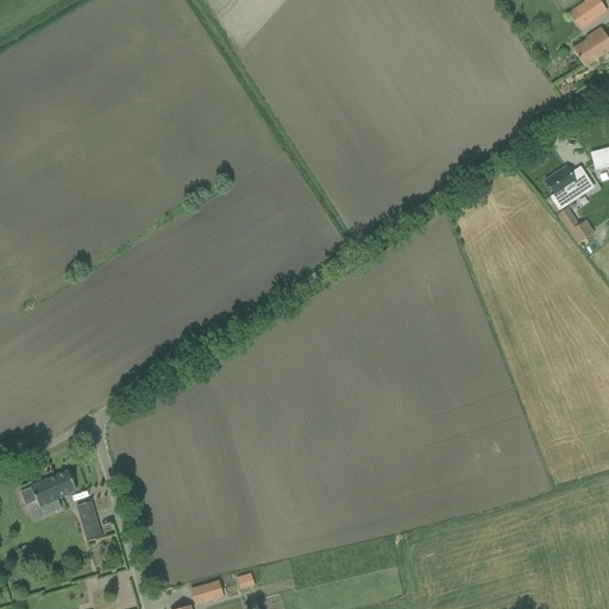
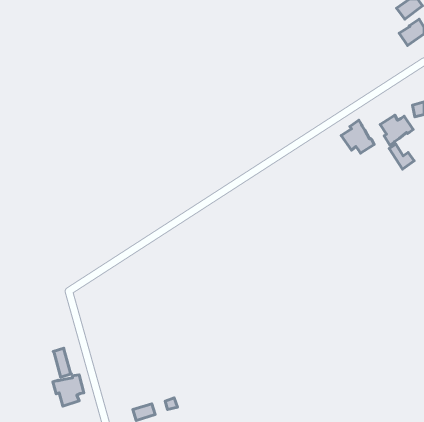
building: none -> [341,120,374,153]
building: [30,469,76,510] -> none
building: none -> [53,375,84,406]

